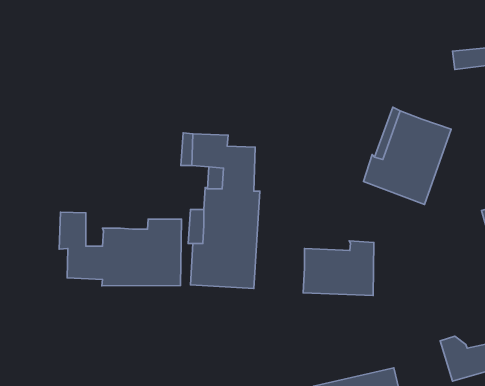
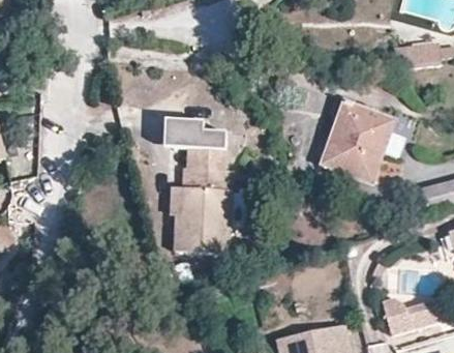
building: [59,212,181,286] -> none
building: [303,241,374,295] -> none

